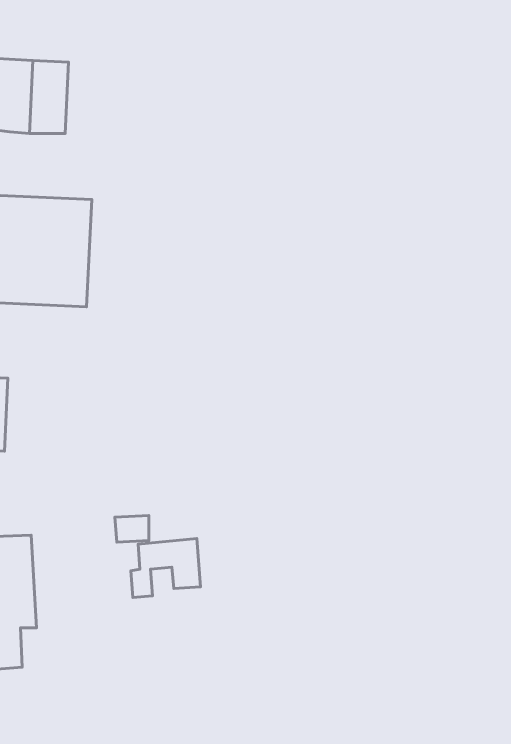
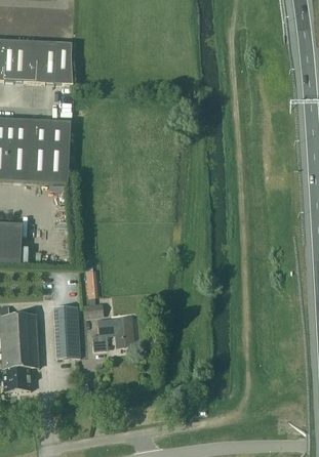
building: none -> [54,41,72,83]
building: none -> [53,304,80,357]

